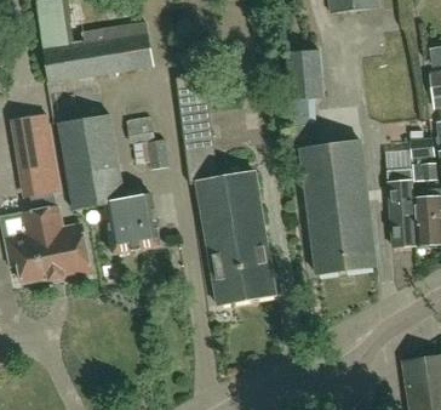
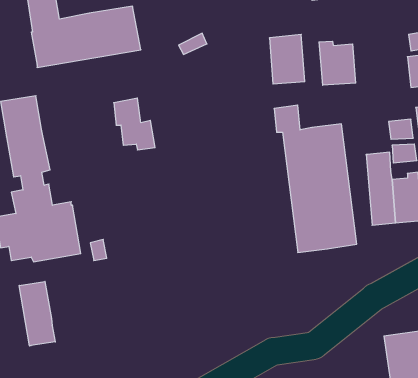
building: none -> [319,41,356,85]
building: [174,74,275,304] -> none
building: [56,115,159,255] -> none
building: none -> [19,281,55,346]

